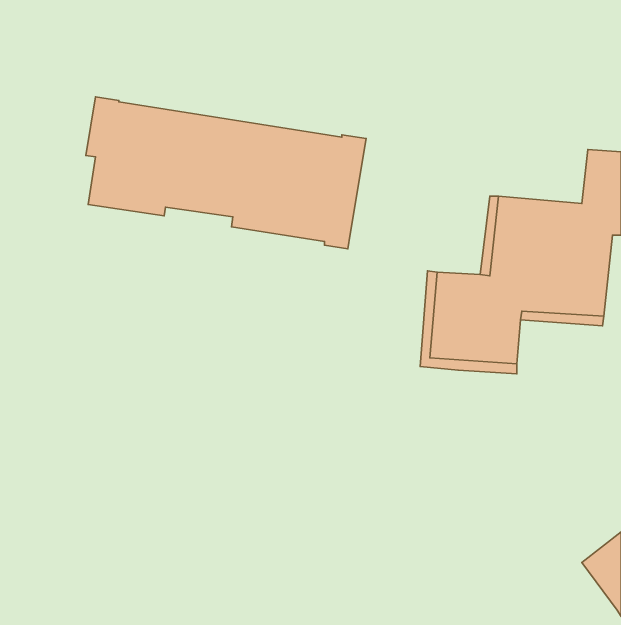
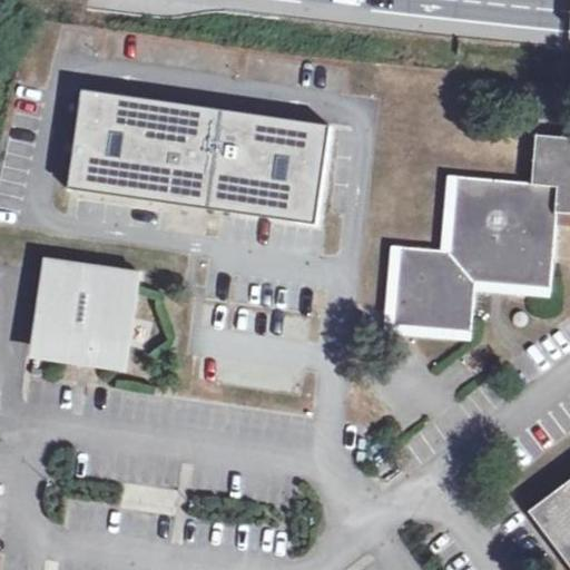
building: none -> [26,254,147,372]

